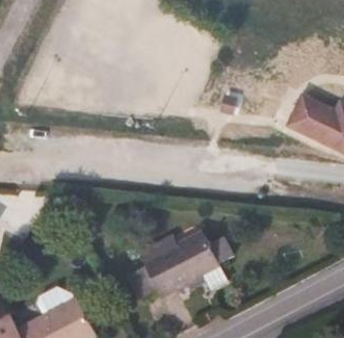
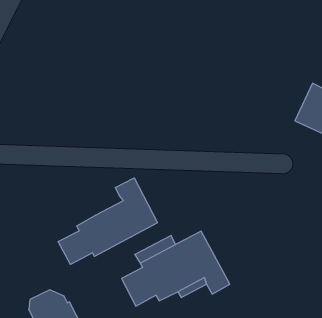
building: none -> [58,178,157,264]

